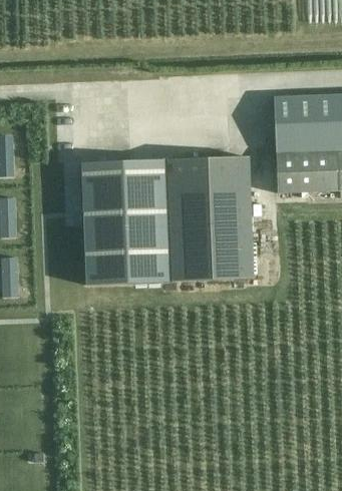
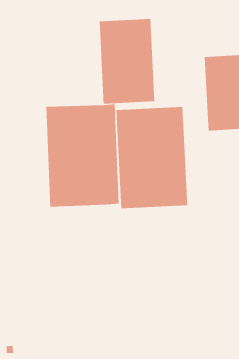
building: none -> [99,18,155,105]

